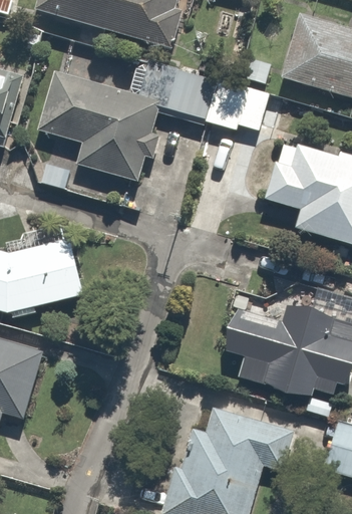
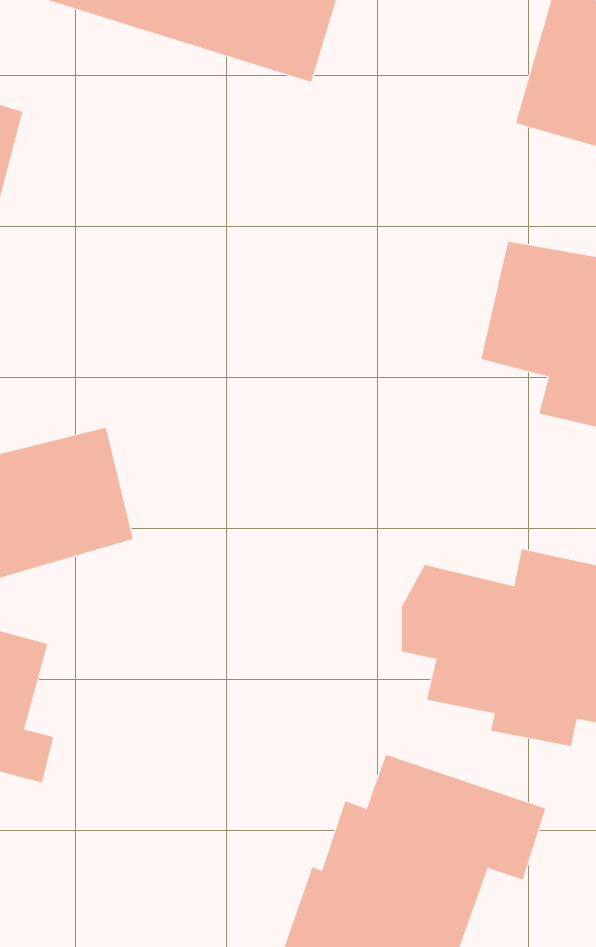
building: [163,65,270,133] -> none
building: [35,69,158,183] -> none

